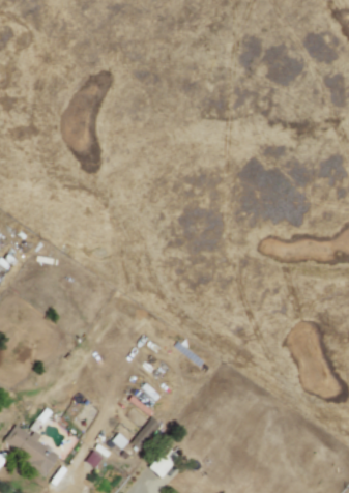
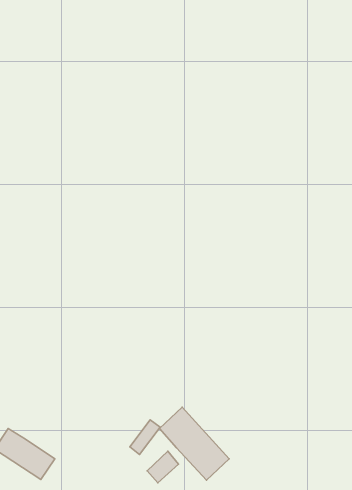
building: none -> [160,407,229,480]

